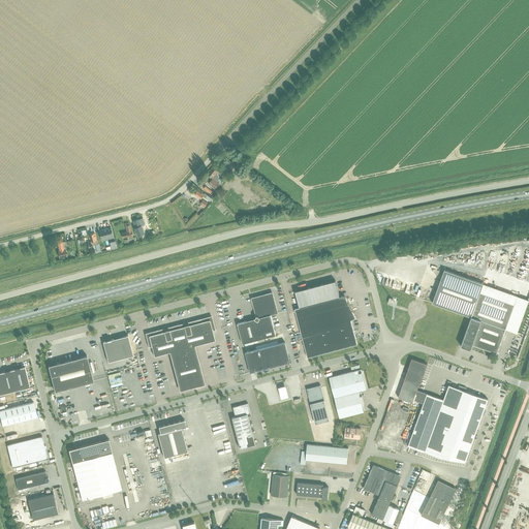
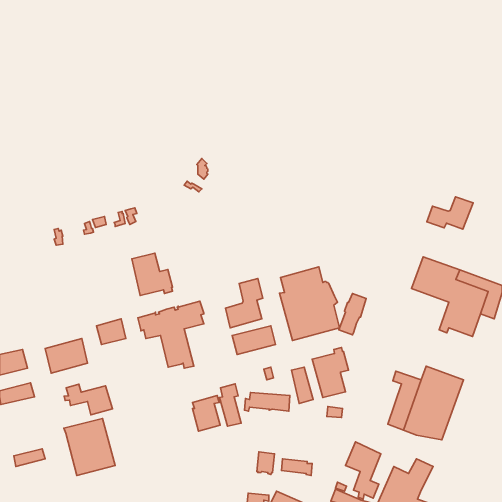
building: none -> [427,197,473,229]
building: none -> [132,253,172,295]
building: [397,360,426,403] -> [339,294,366,335]
building: none -> [64,384,113,415]
building: [157,421,186,458] -> [192,396,220,431]
building: [6,437,46,468] -> none
building: [300,445,347,465] -> [244,392,290,411]
building: [27,494,57,521] -> none

